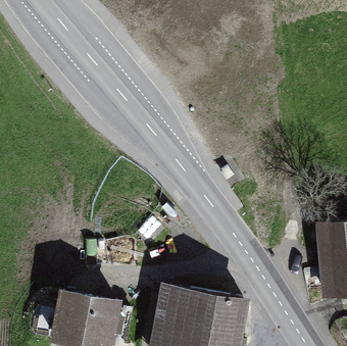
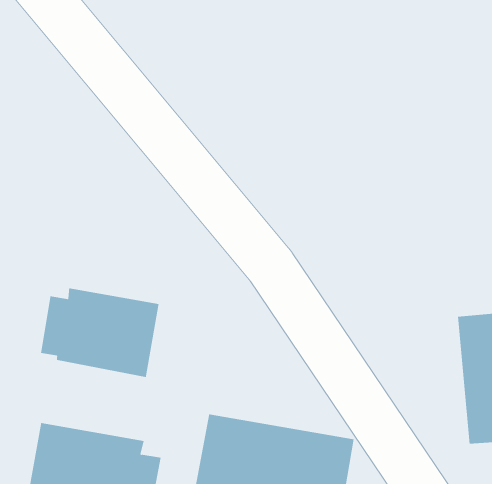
building: none -> [41,288,159,378]

